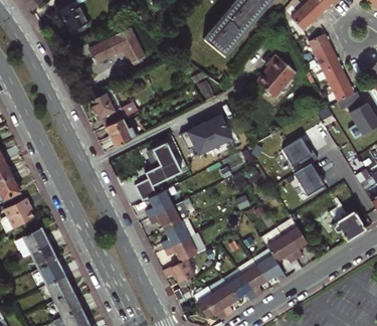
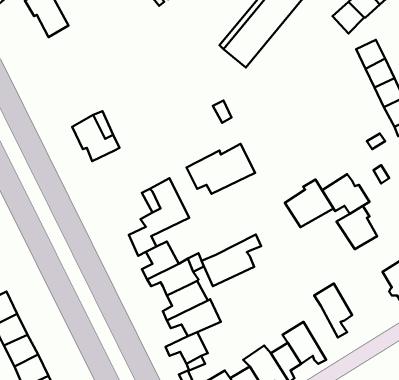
building: [89,29,145,63] -> none
building: [257,54,297,97] -> none
building: [107,120,139,147] -> none
building: none -> [285,179,334,227]
building: none -> [202,235,261,286]
building: [266,238,295,266] -> none

